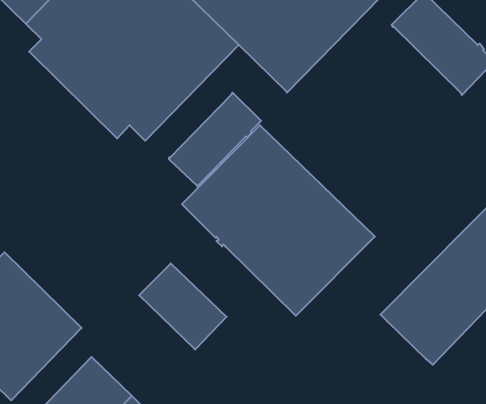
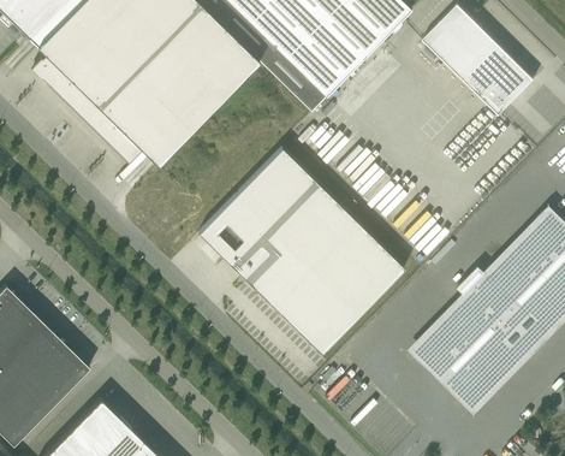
building: [169,93,261,186] -> none
building: [139,263,227,350] -> none

